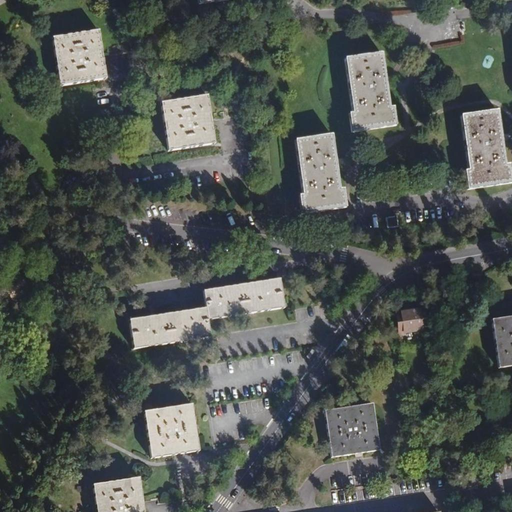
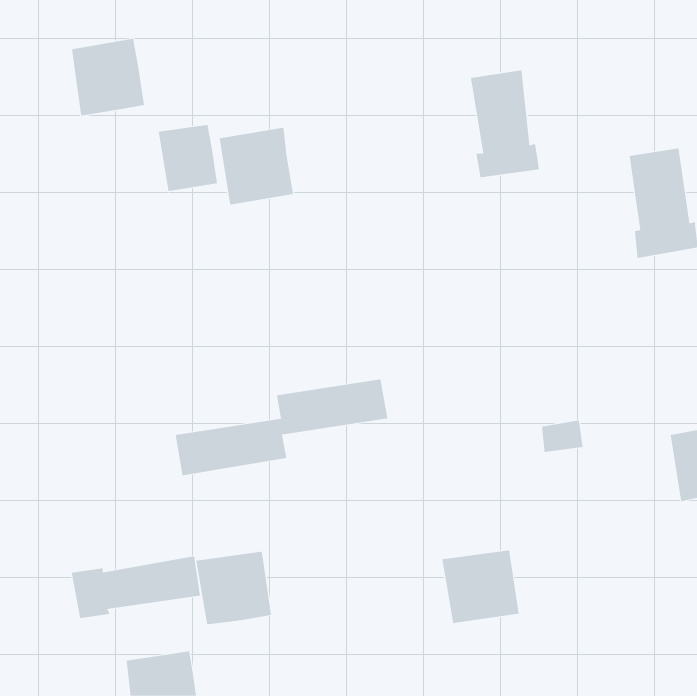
building: none -> [158,124,218,192]
building: [296,133,347,213] -> none
building: none -> [71,555,200,619]

